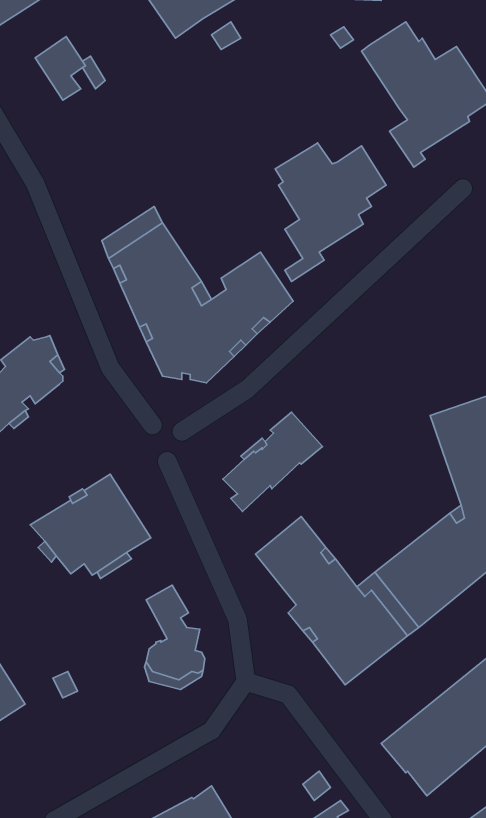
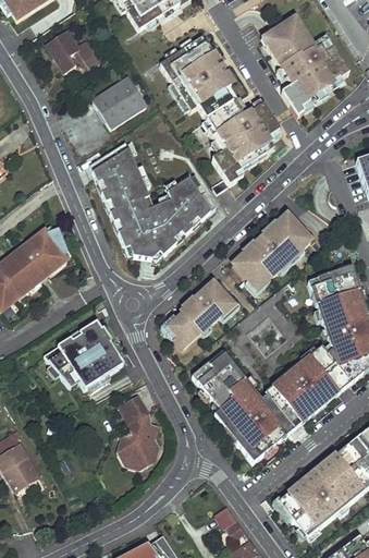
building: none -> [160,35,233,117]
building: none -> [91,76,145,126]
building: none -> [236,211,315,286]

